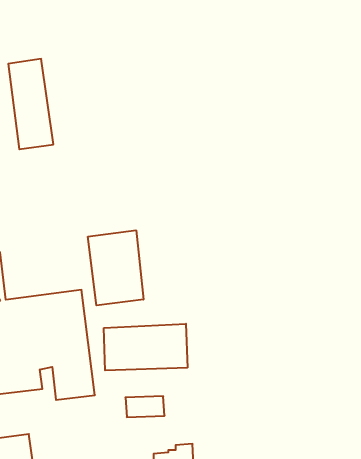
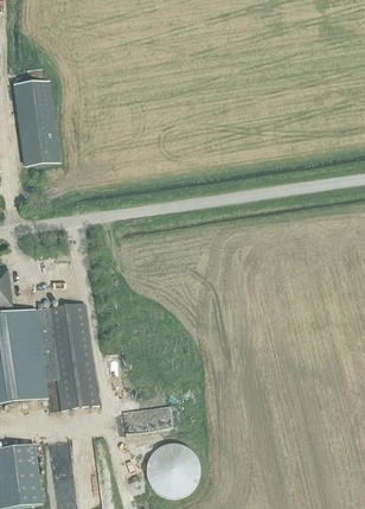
building: [88,230,143,305] -> none
building: [104,324,187,370] -> none

